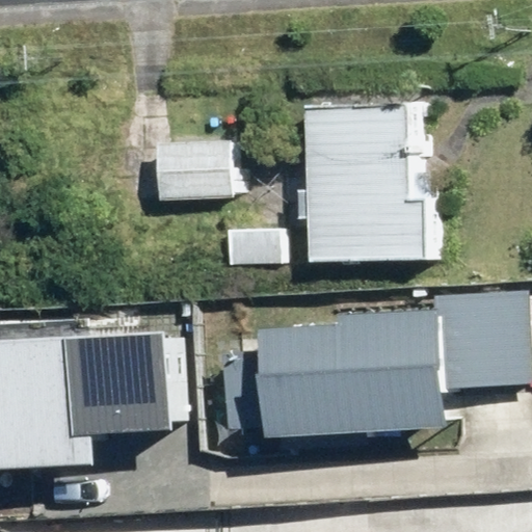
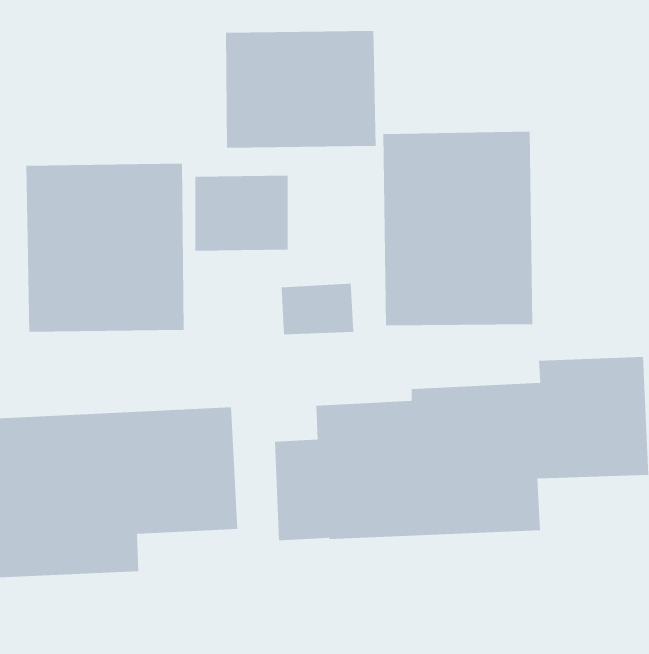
building: none -> [225,30,376,149]
building: none -> [26,163,184,333]

